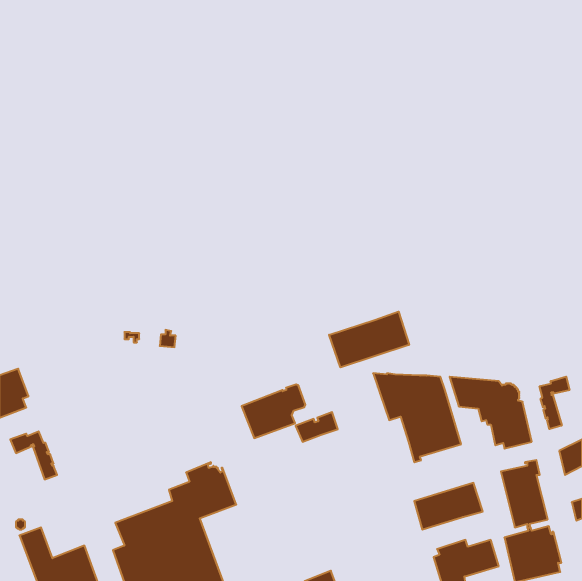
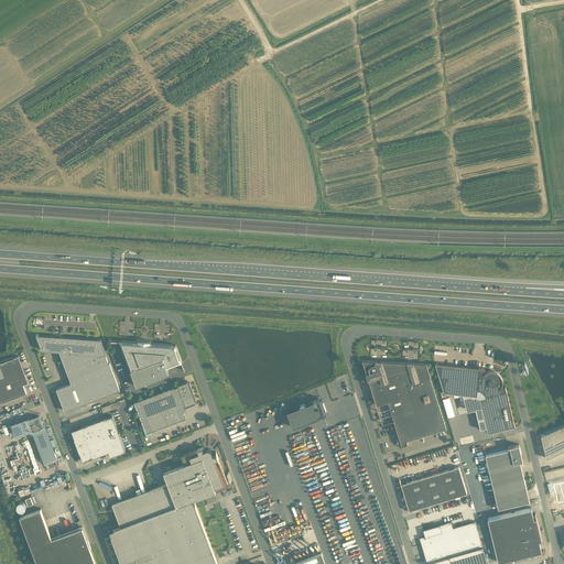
building: [329,312,409,367] -> none
building: none -> [35,337,119,413]
building: none -> [111,341,182,389]
building: [540,377,569,429] -> none
building: [242,384,305,438] -> [133,383,195,435]
building: none -> [70,417,124,464]

